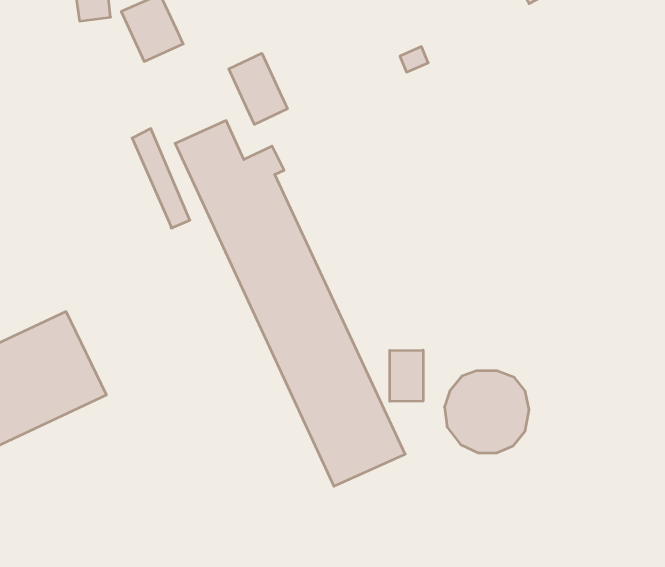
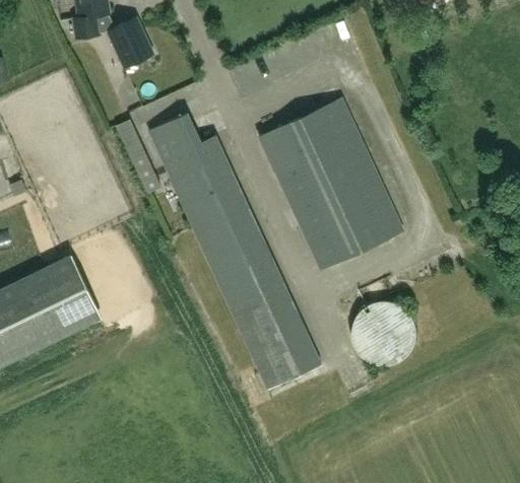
building: [229,53,287,124] -> none
building: none -> [259,99,403,270]
building: [390,350,423,401] -> none

